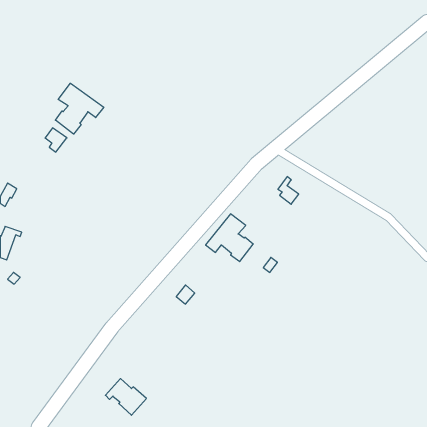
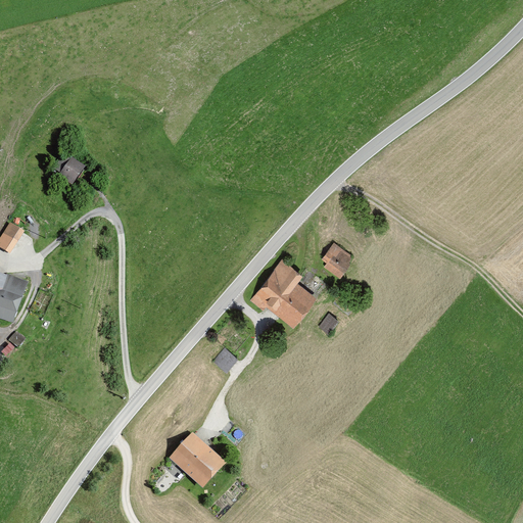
building: [55,83,104,134] -> none
building: [278,177,299,204] -> [324,243,349,277]
building: [105,379,146,415] -> [171,438,221,483]

